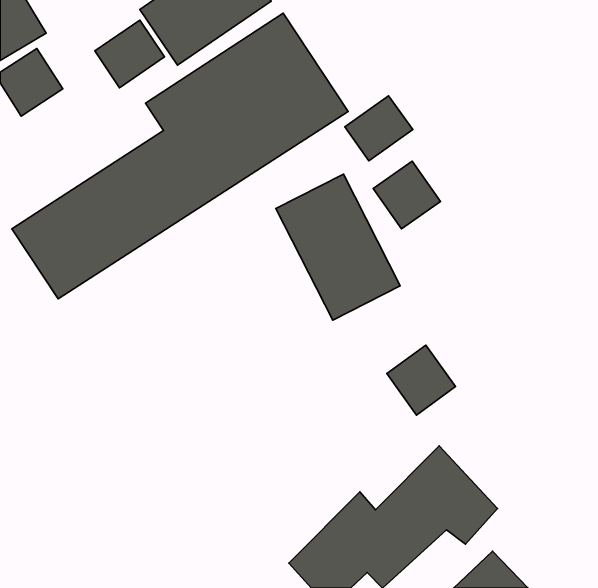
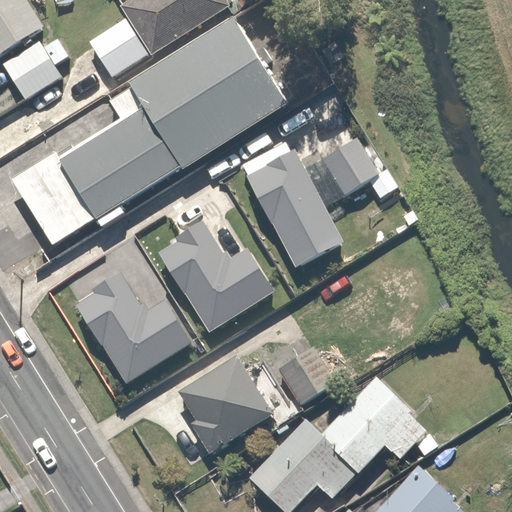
building: [345,96,413,161] -> none
building: none -> [150,225,280,335]
building: none -> [67,274,192,387]
building: [387,345,455,415] -> [272,345,330,404]
building: none -> [172,356,274,457]

